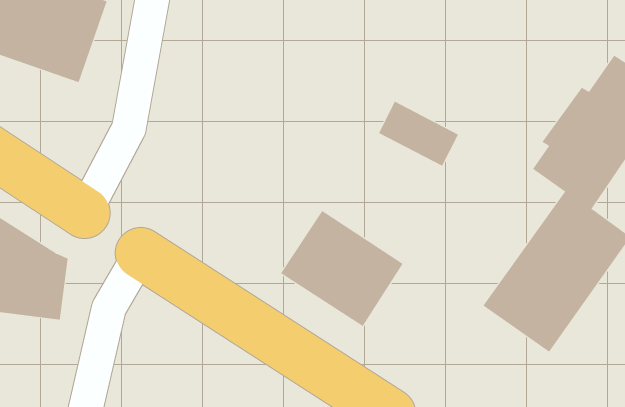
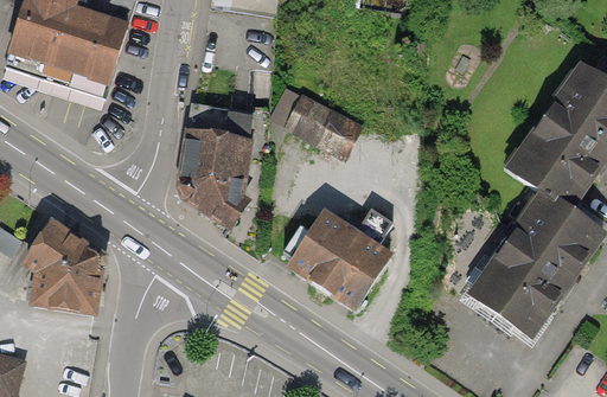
building: none -> [177,107,257,237]
building: [378,101,459,167] -> [283,95,354,153]

